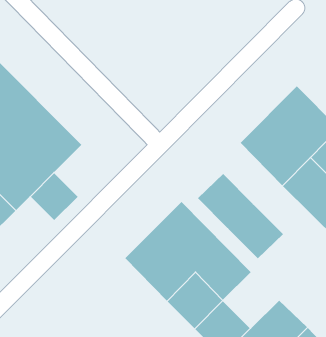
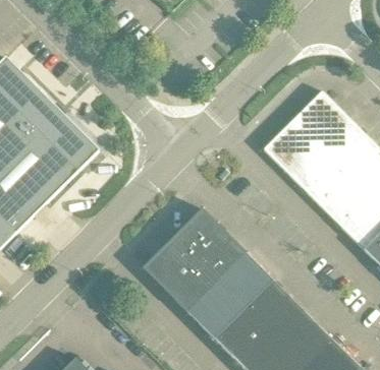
building: [30,173,78,221] -> none
building: [197,173,284,259] -> none
building: none -> [246,282,304,340]

